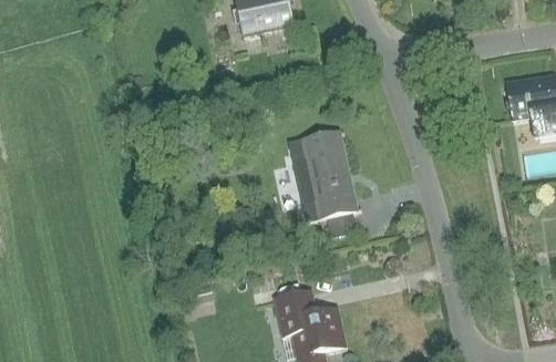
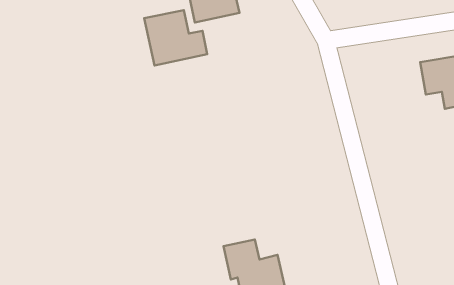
building: none -> [144,10,207,65]
building: [294,131,356,217] -> none

